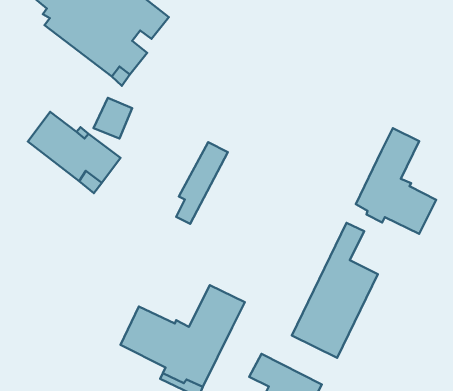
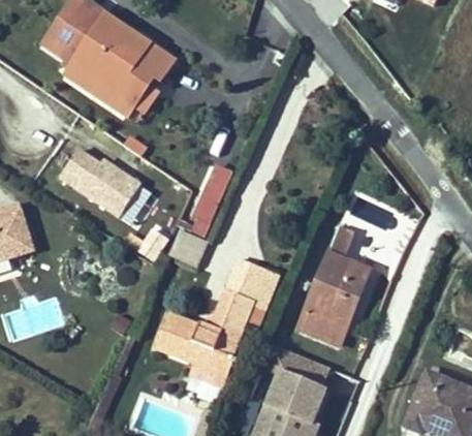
building: [356,128,436,234] -> none
building: none -> [225,257,281,330]

